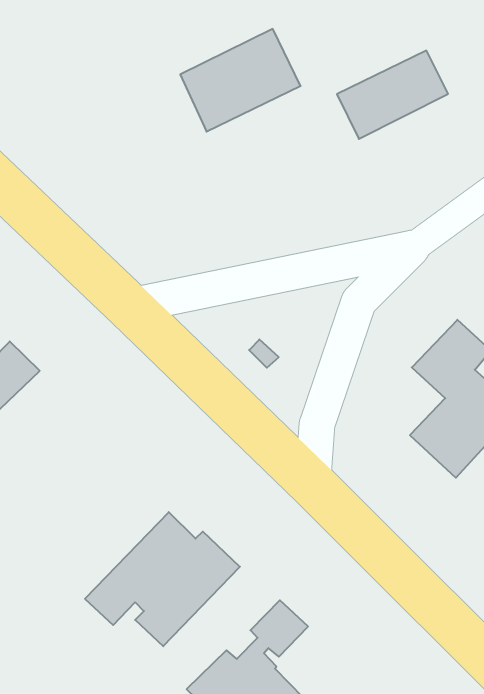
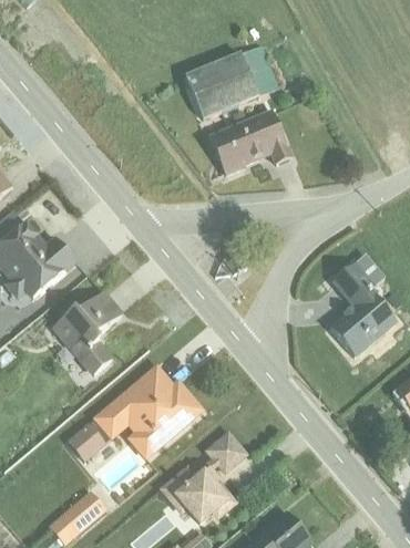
building: [337,51,448,139] -> [209,110,286,166]
building: none -> [50,293,120,375]
building: none -> [64,421,107,463]

